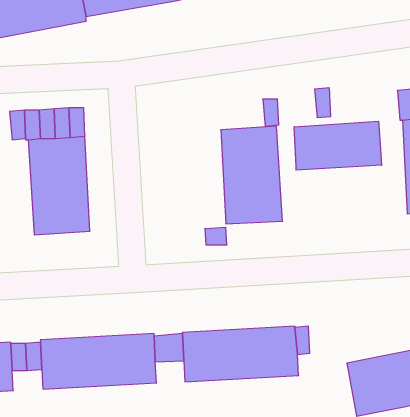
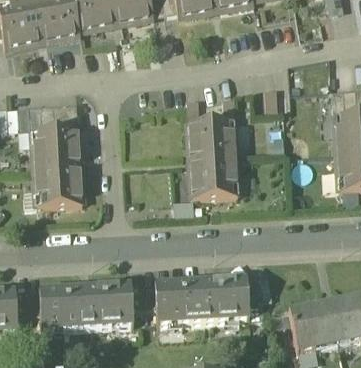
building: [294,121,382,170] -> none

